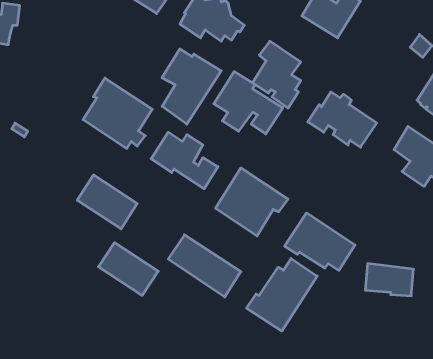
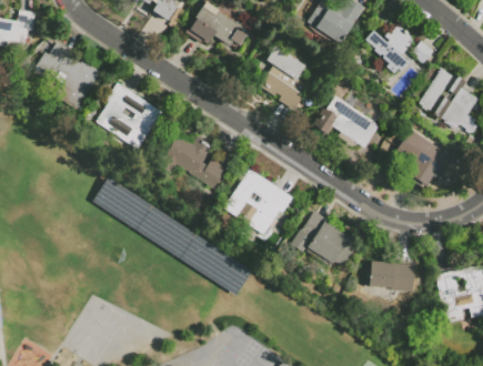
building: none -> [365,27,413,73]
building: none -> [33,42,102,110]
building: [162,49,221,124] -> none
building: [214,72,283,134] -> none
building: [98,243,158,295] -> [134,204,192,255]
building: [247,258,317,331] -> none

